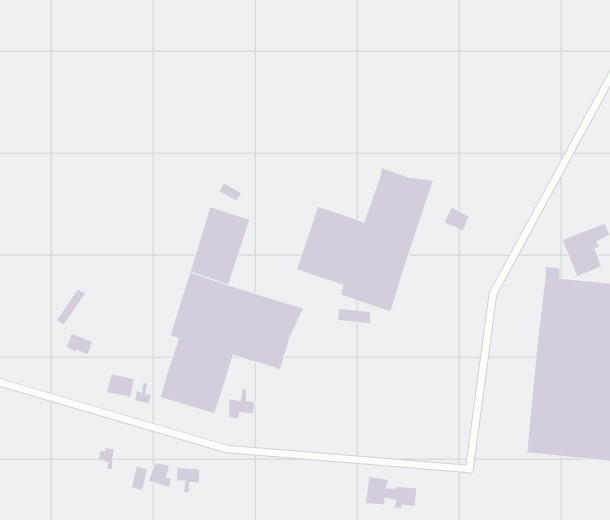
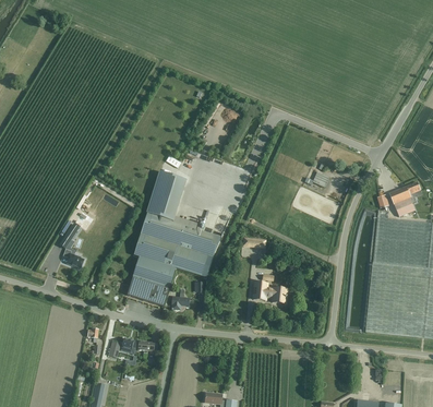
building: [296,168,433,312] -> none
building: [365,476,417,508] -> [253,280,287,301]

